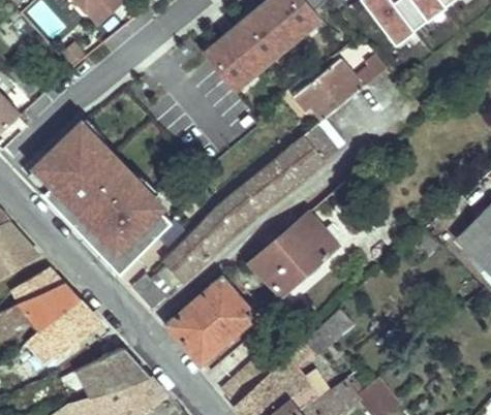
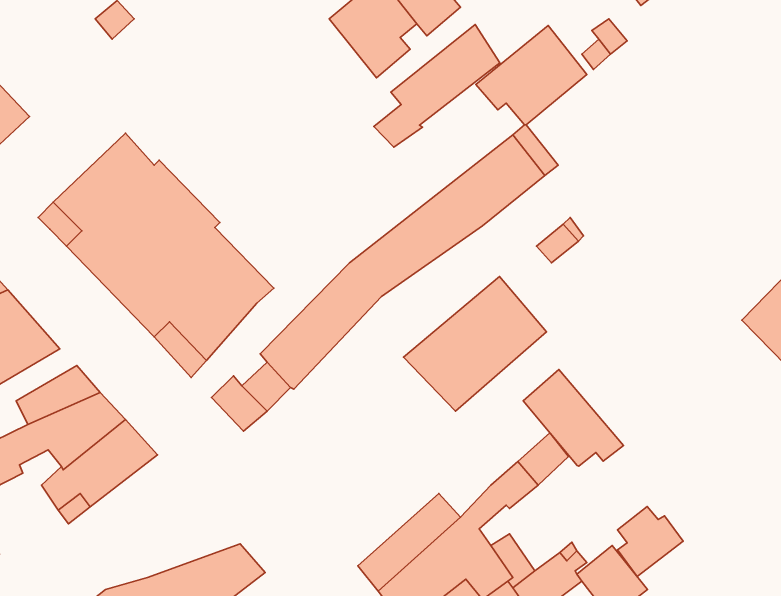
building: none -> [374,25,500,147]
building: none -> [523,369,623,466]
building: [167,279,255,364] -> none
building: [78,348,150,397] -> none
building: none -> [617,506,683,577]

